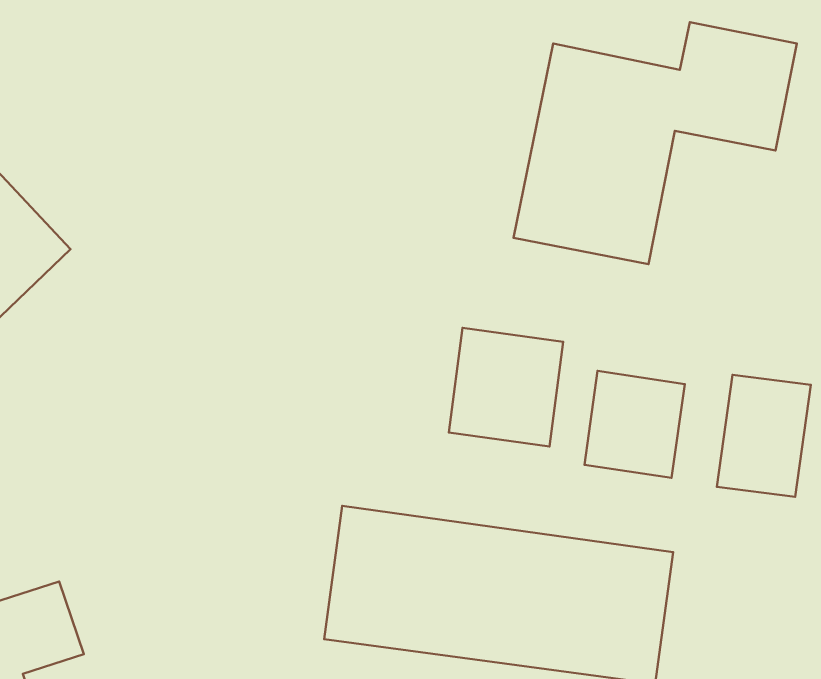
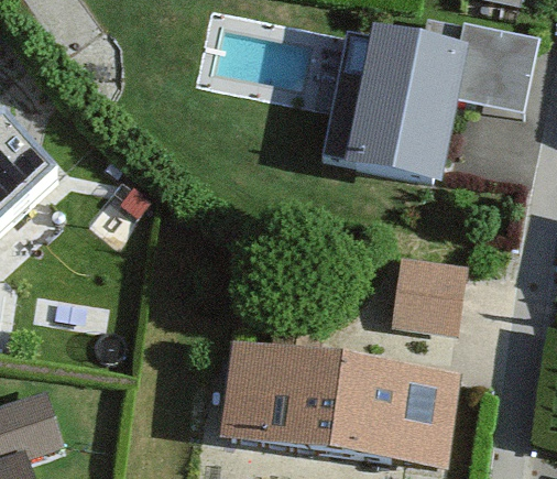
building: [449,328,563,447] -> none
building: [717,375,811,497] -> none

